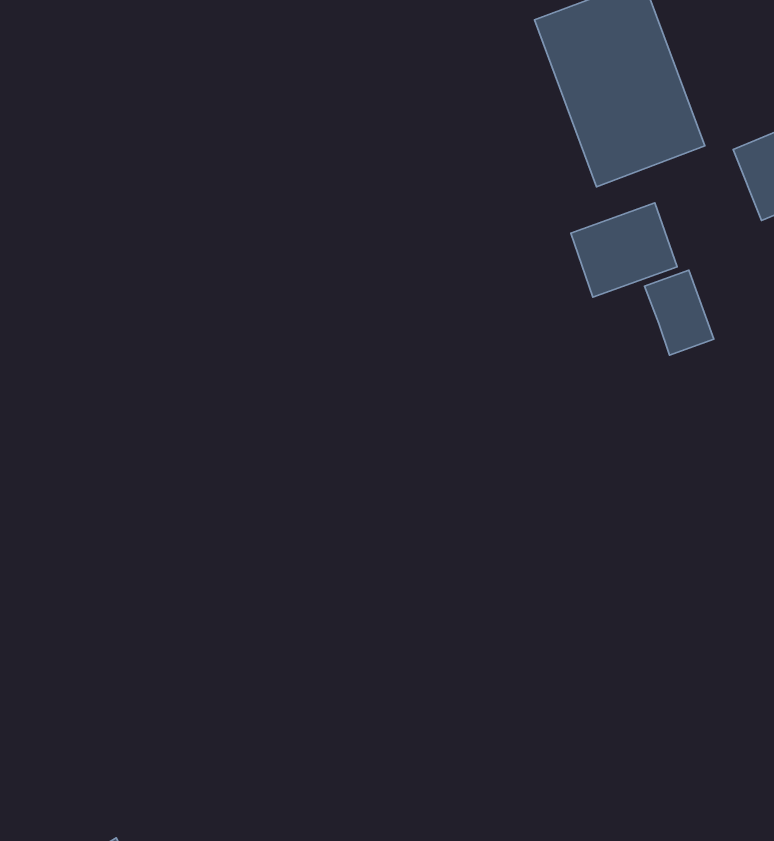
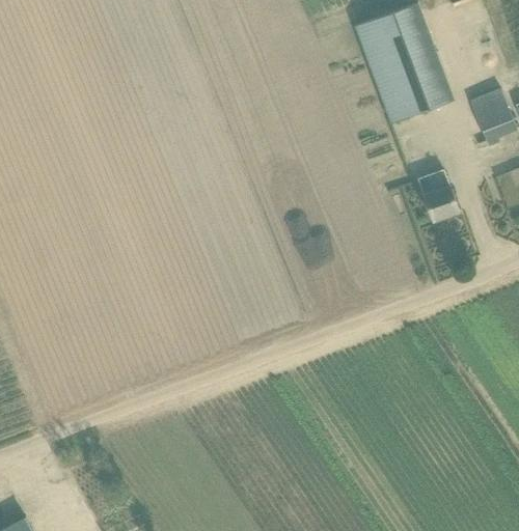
building: [571,203,677,297] -> none

